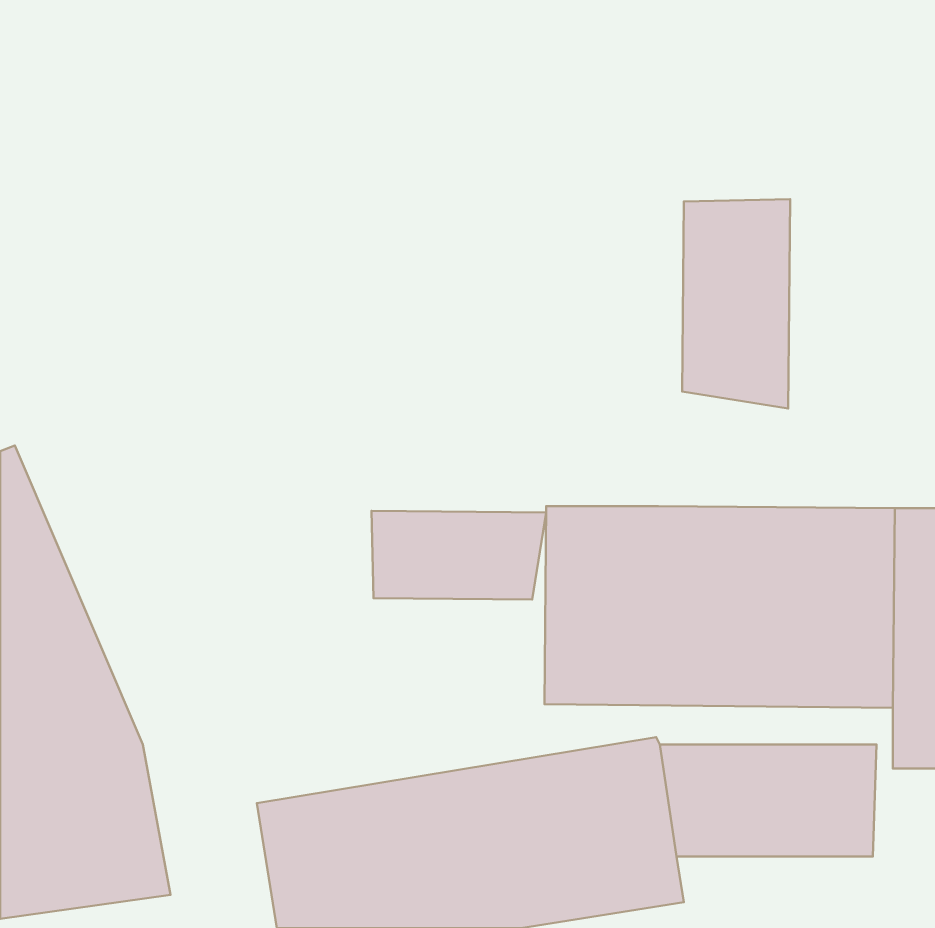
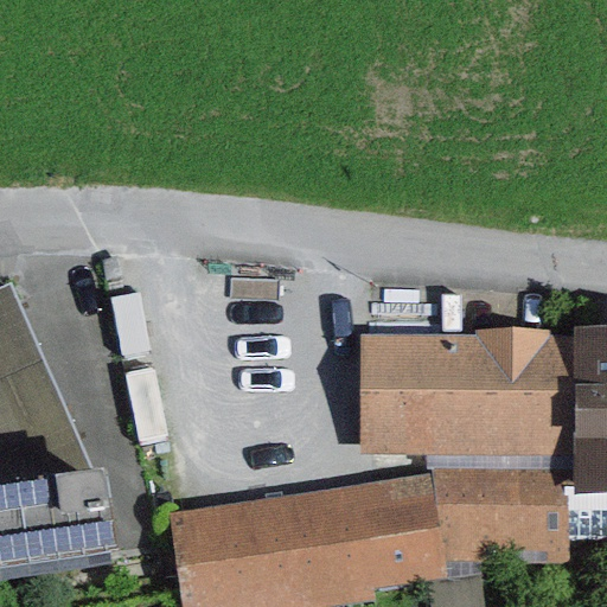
building: [682,199,790,408] -> none
building: [371,511,546,600] -> none

